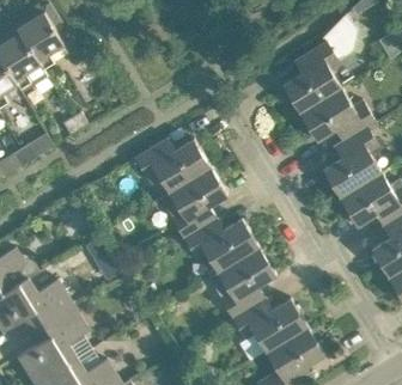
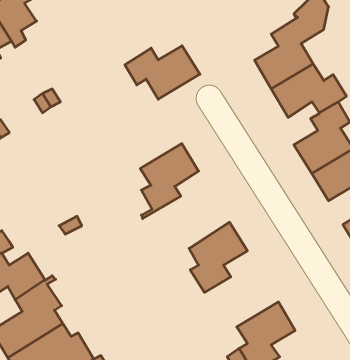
building: [134,139,209,192] -> [125,46,200,99]
building: [170,219,257,273] -> none
building: [232,298,306,352] -> none

